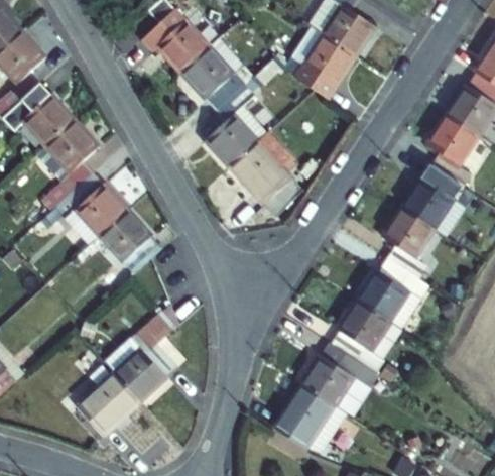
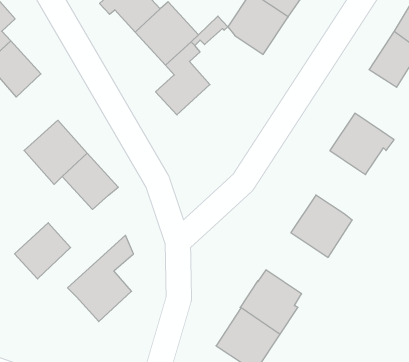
building: [426,115,478,186] -> none
building: [37,120,99,207] -> none
building: [229,132,302,217] -> none
building: [382,207,434,278] -> none
building: [330,300,401,372] -> none
building: [77,372,140,436] -> [15,223,71,279]

